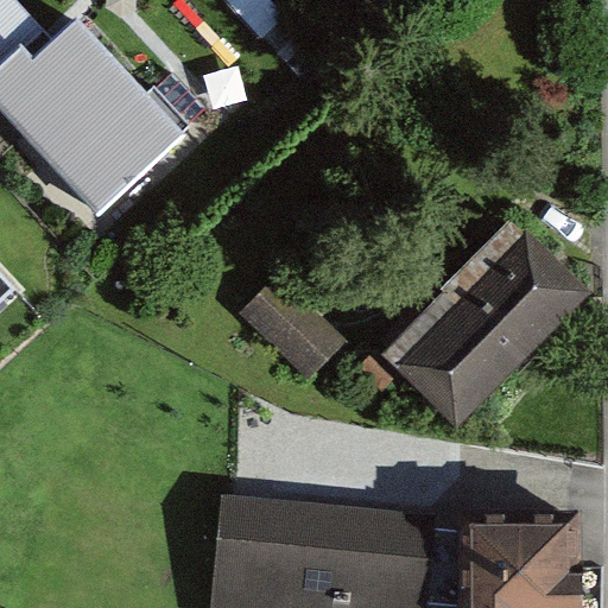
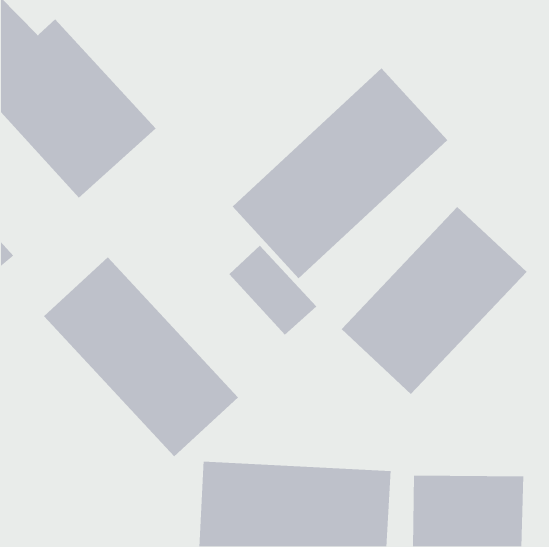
building: none -> [232,68,448,279]
building: none -> [43,257,239,457]

